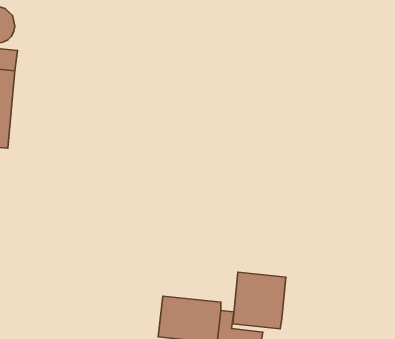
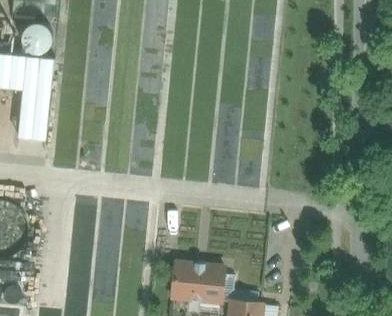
building: [233,272,286,329] -> none

